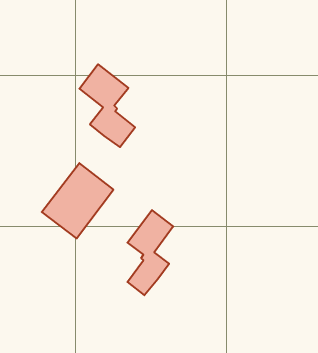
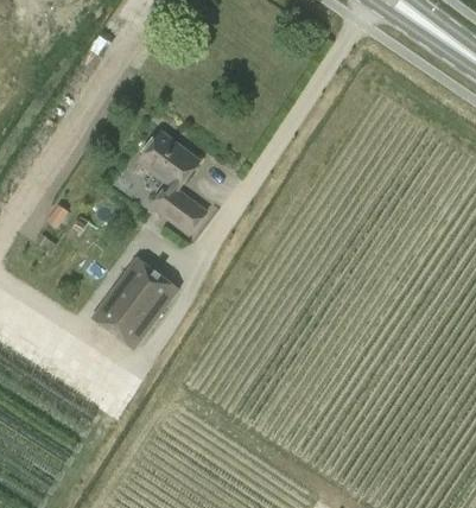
building: [127,210,173,295] -> none

